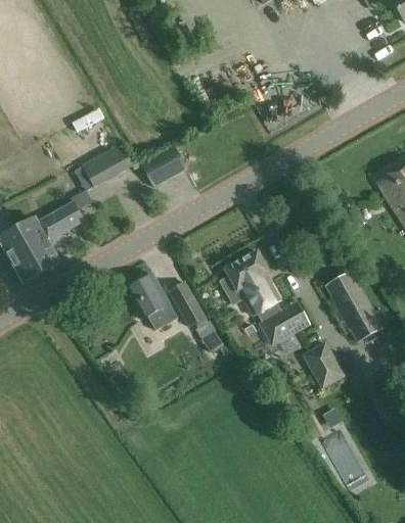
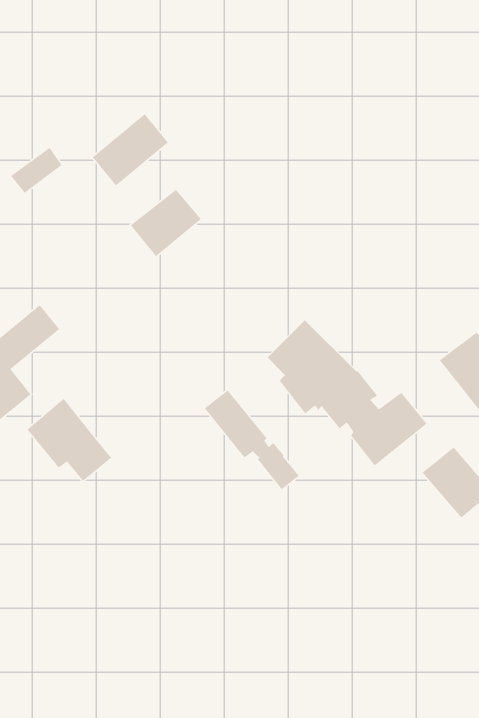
building: [82,143,133,187] -> [92,113,169,187]
building: [125,273,177,329] -> [26,398,112,482]

